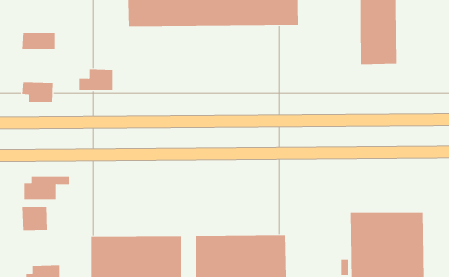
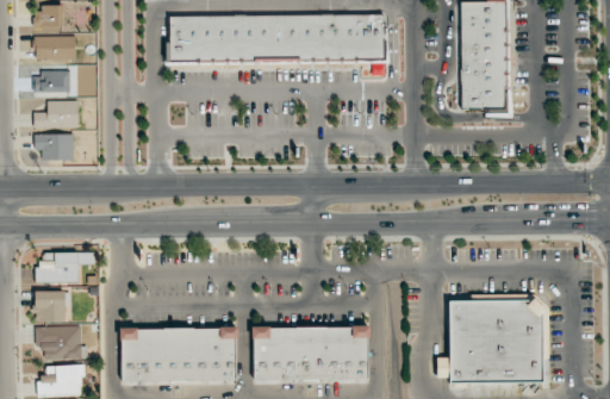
building: none -> [36,36,76,61]
building: [78,69,113,90] -> [35,100,79,127]
building: none -> [38,325,82,360]

